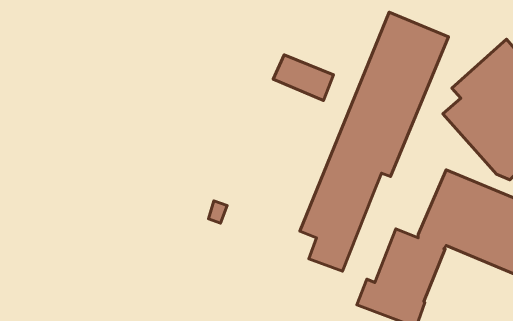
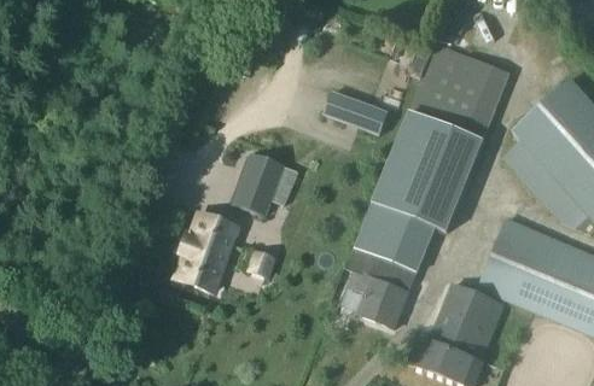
building: none -> [229,151,296,215]
building: none -> [175,214,231,287]

